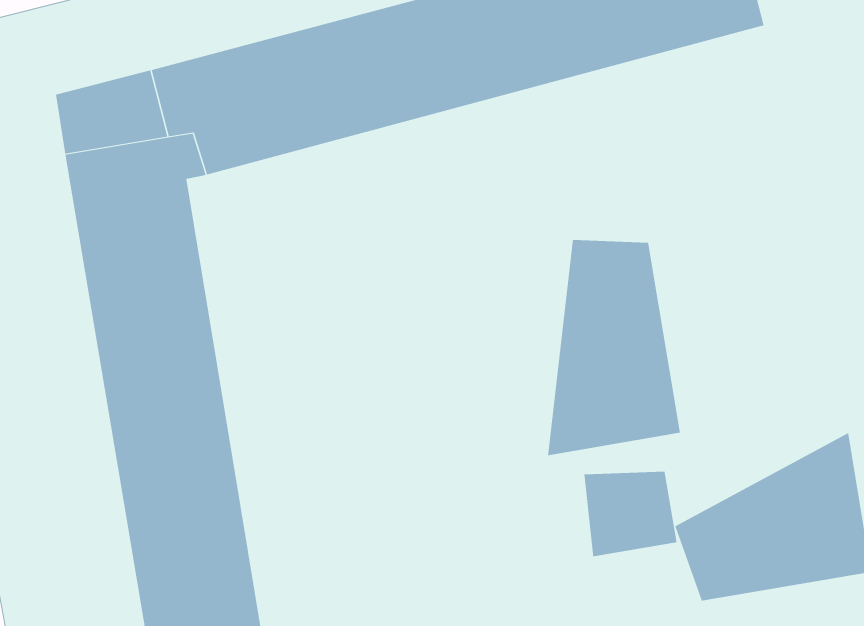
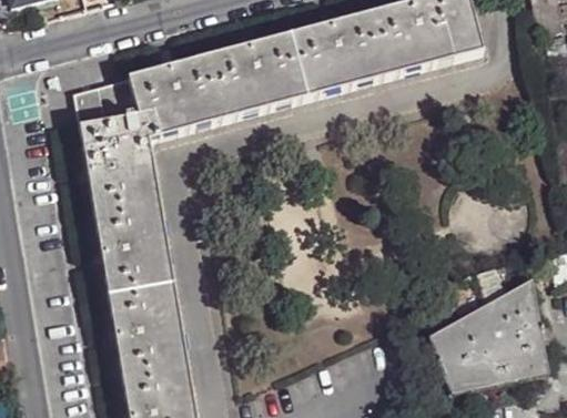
building: [547,239,681,456] -> none
building: [584,471,677,557] -> none

